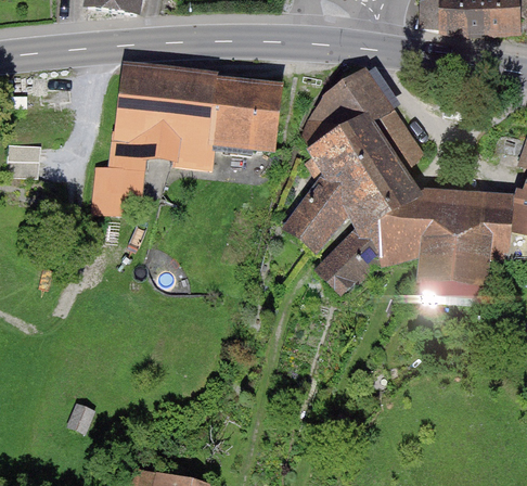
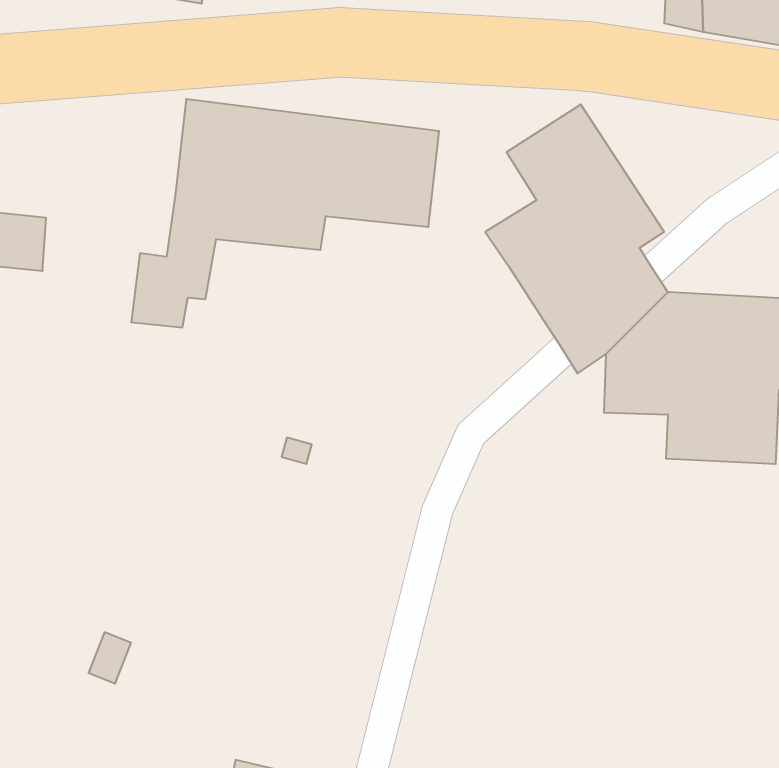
building: [285,171,347,252] -> none
building: [316,223,383,292] -> none

